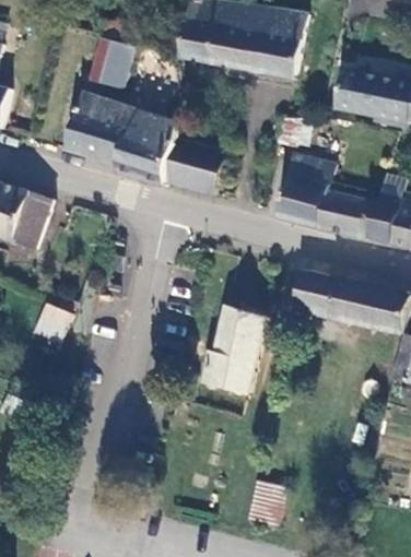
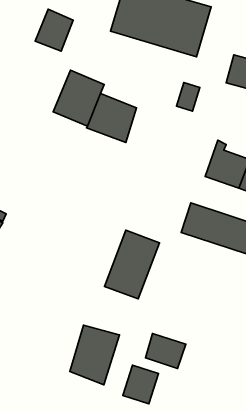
building: [68,95,138,166] -> none
building: [274,159,334,230] -> none
building: none -> [70,325,120,385]
building: none -> [145,334,186,368]

